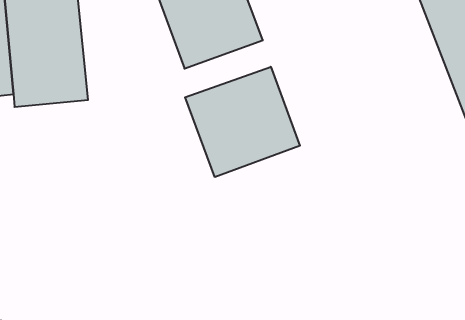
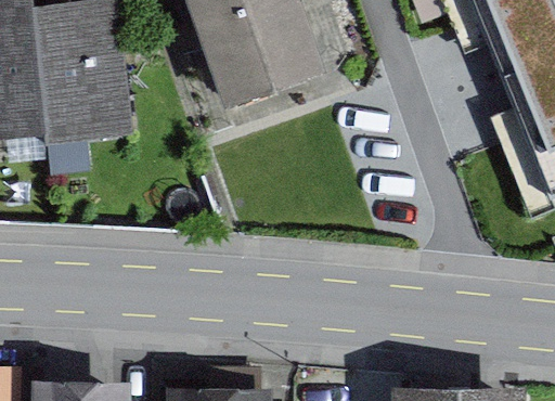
building: [185,67,300,177] -> none

